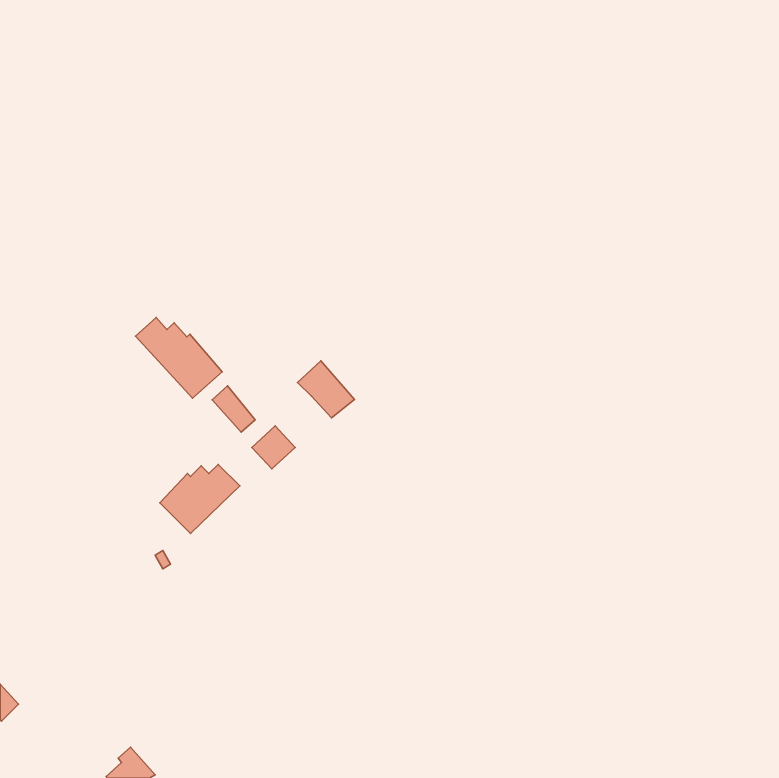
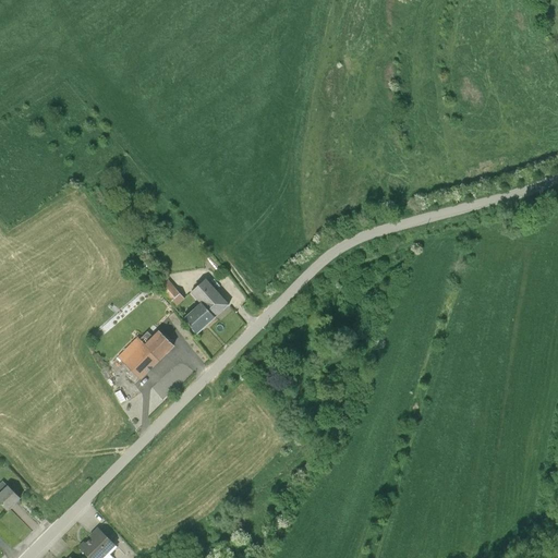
building: [135,318,222,398] -> none
building: [298,361,355,418] -> [190,277,230,317]

